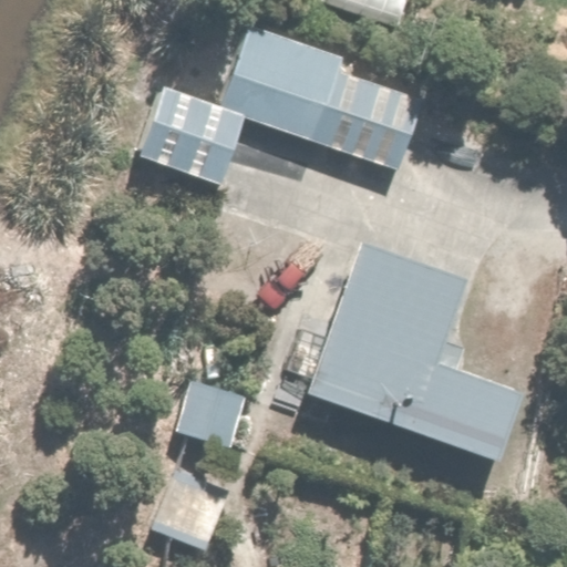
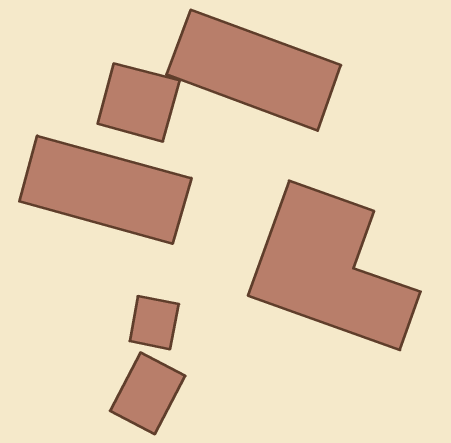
building: none -> [19,136,191,244]

